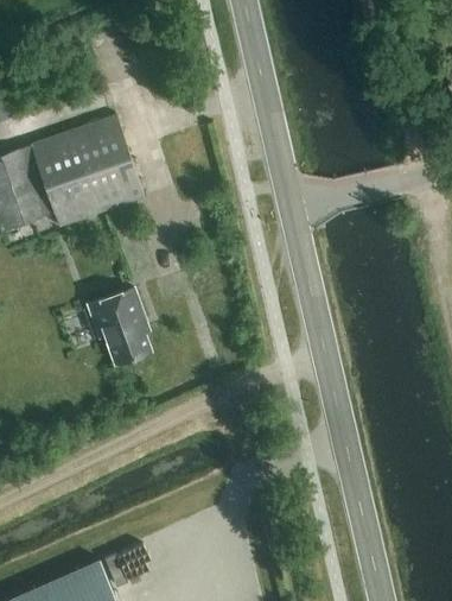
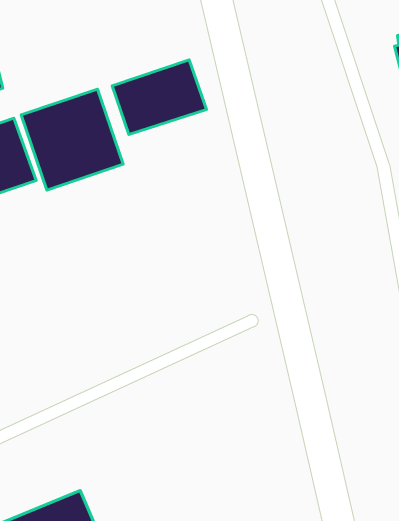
building: none -> [112,60,207,135]
building: [90,290,151,365] -> none

